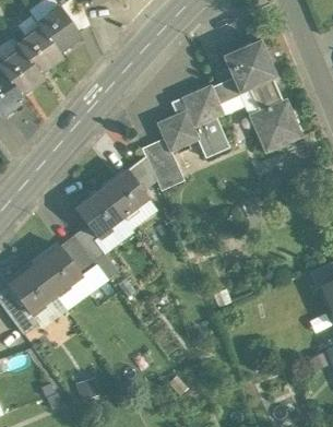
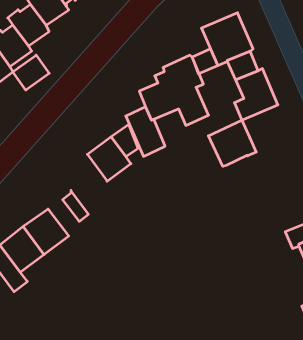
building: none -> [13,55,49,90]
building: none -> [208,120,256,166]
building: [76,189,122,236] -> none
building: [61,237,96,275] -> none

